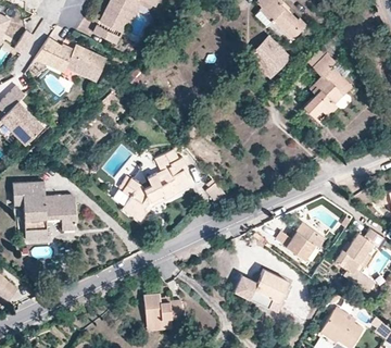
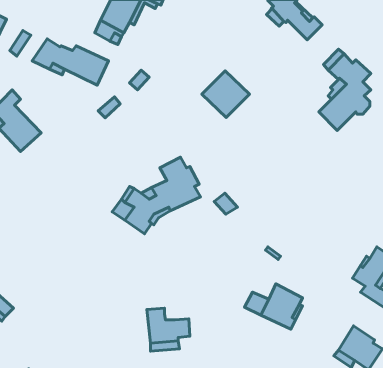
building: [248,35,292,78] -> [202,71,249,117]
building: [13,182,77,240] -> none
building: [276,222,325,260] -> none

